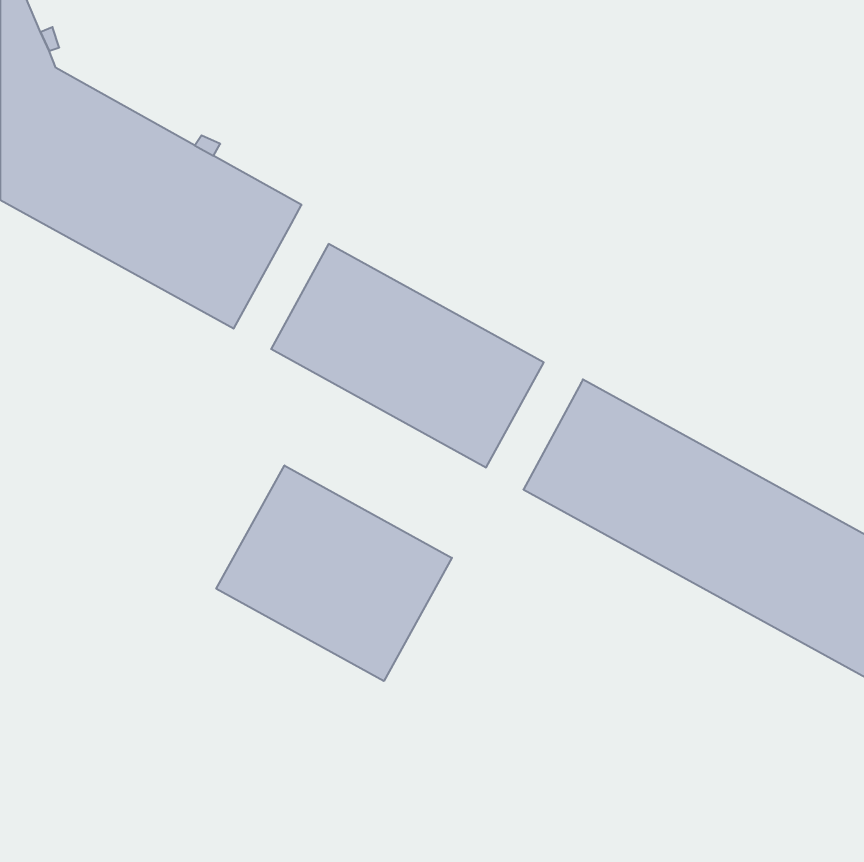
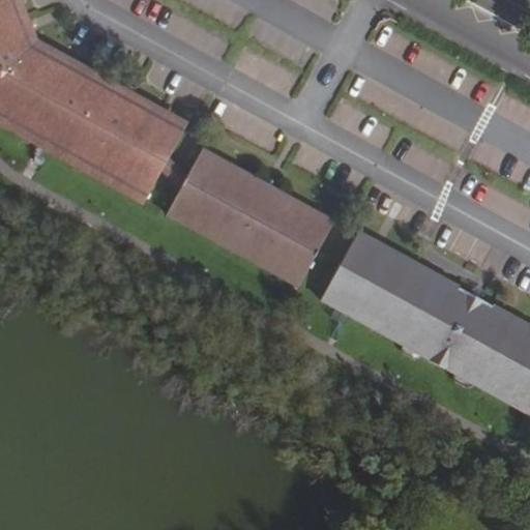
building: [216,465,452,681] -> none

